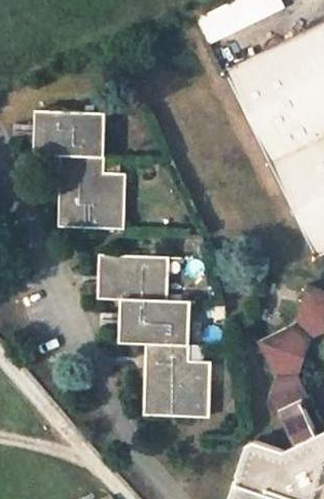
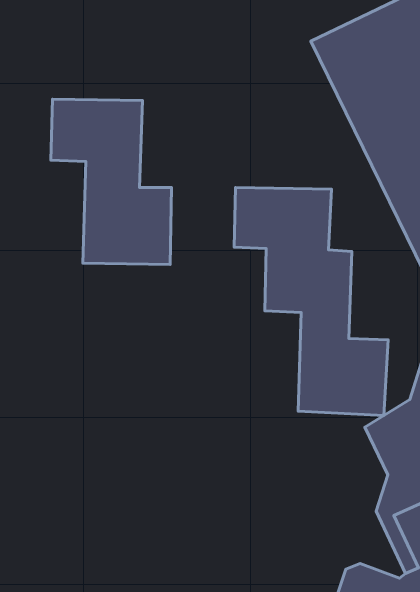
building: [100,256,209,418] -> [234,188,388,415]

